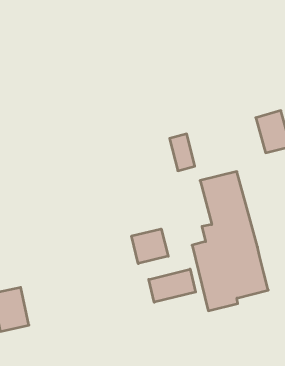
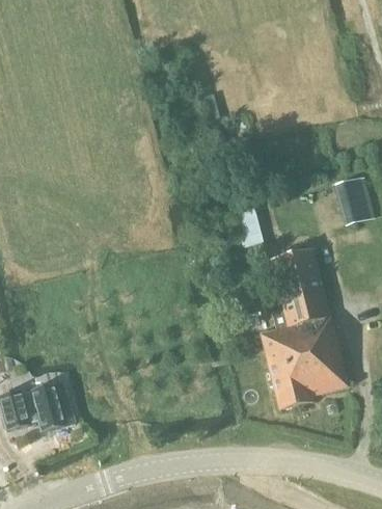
building: [132,229,168,264] -> none
building: [149,269,196,302] -> none

